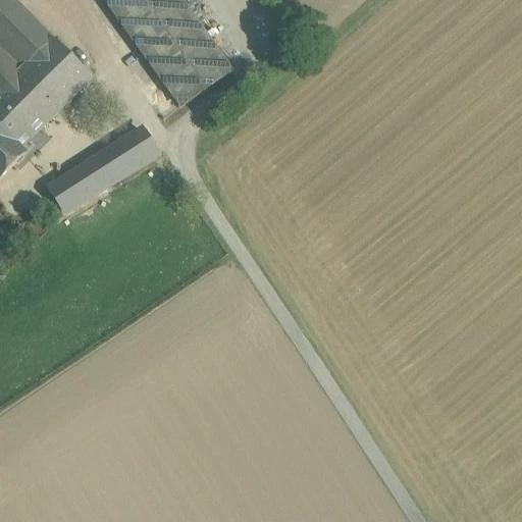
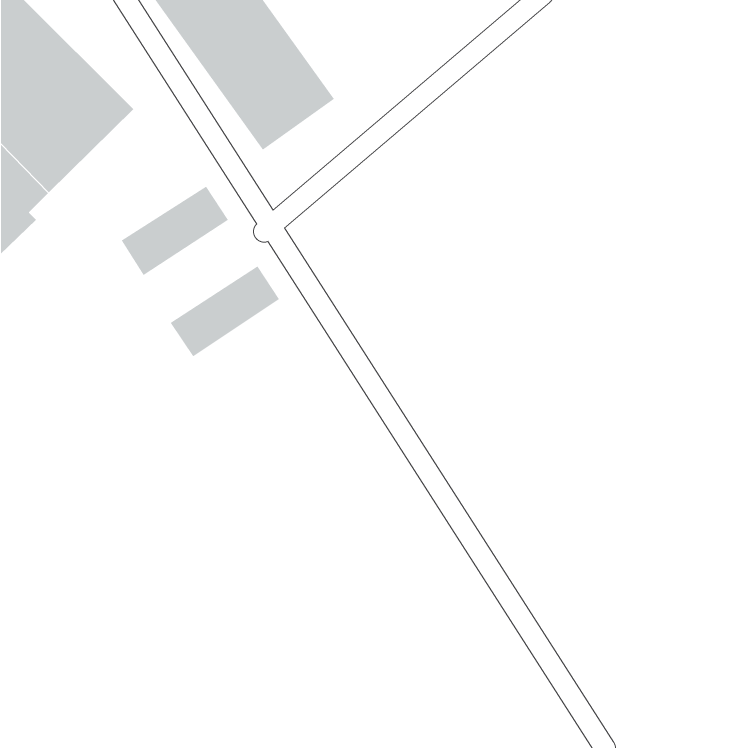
building: [51,166,99,211] -> none
building: none -> [170,265,280,357]

